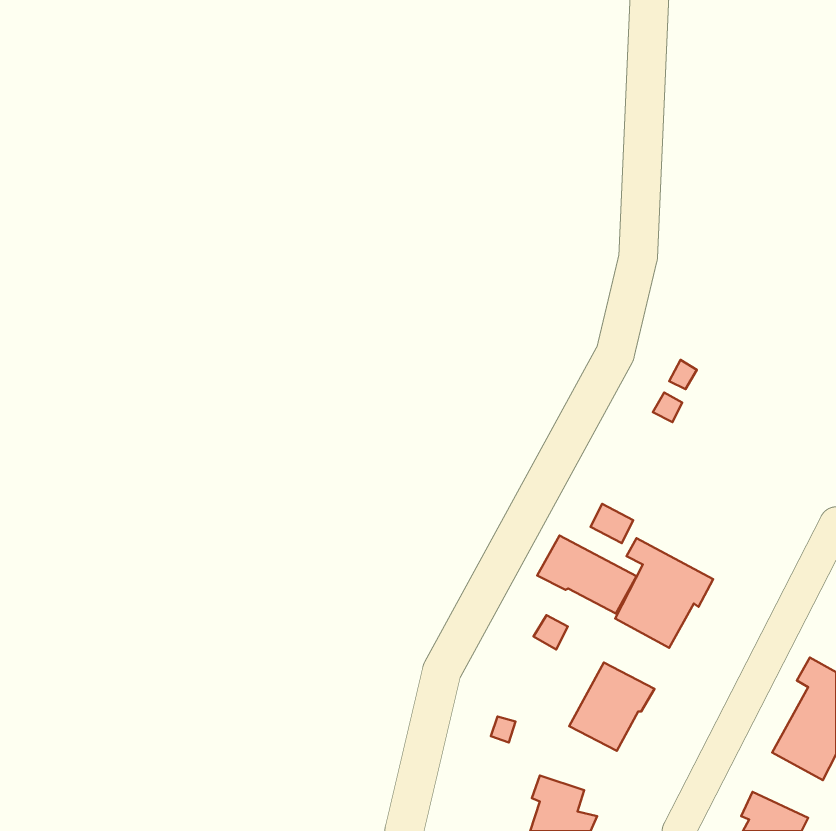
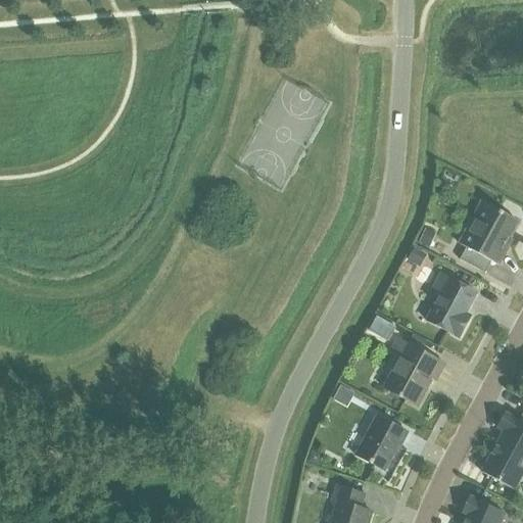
building: none -> [460,201,518,272]
building: none -> [427,272,477,336]
building: [537,536,637,613] -> none

